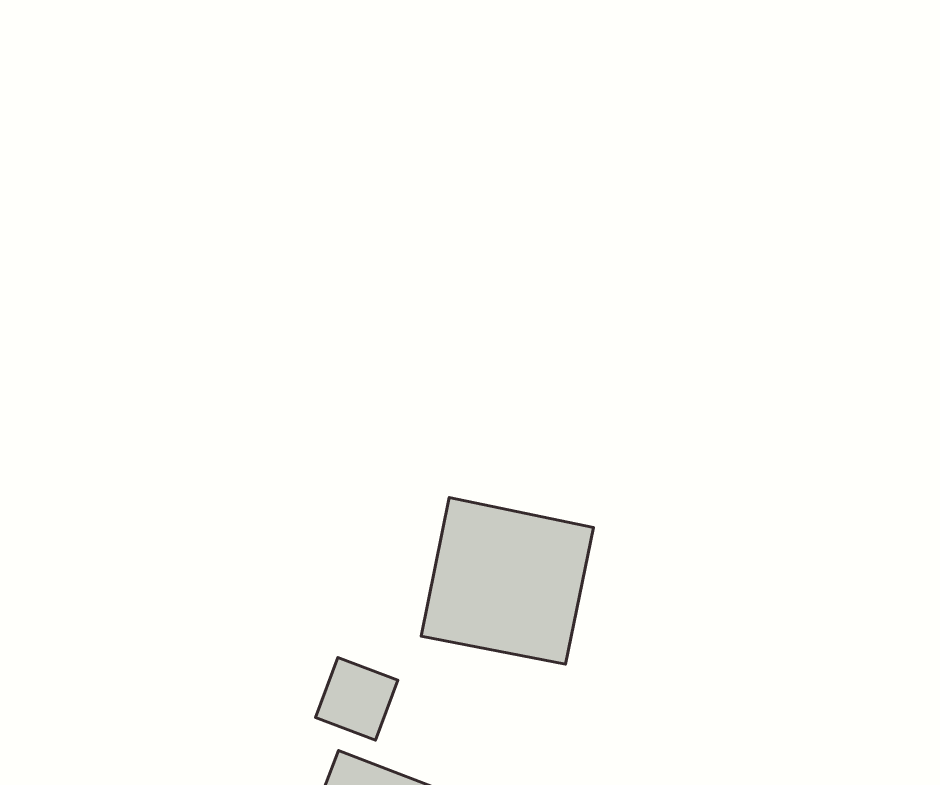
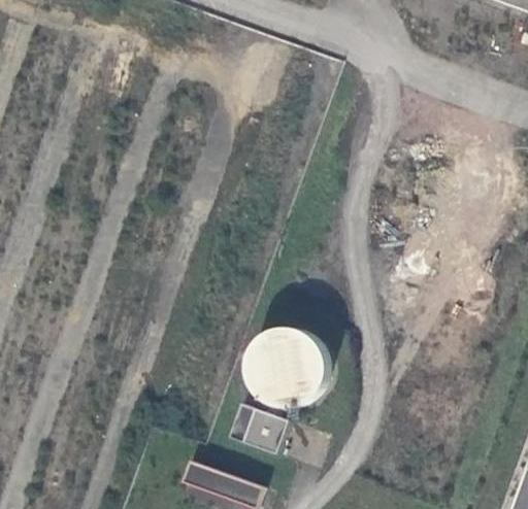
building: [315,658,398,740] -> [243,409,289,454]

